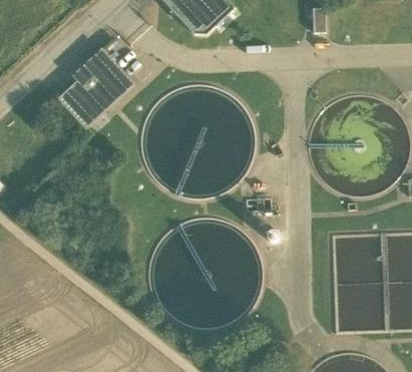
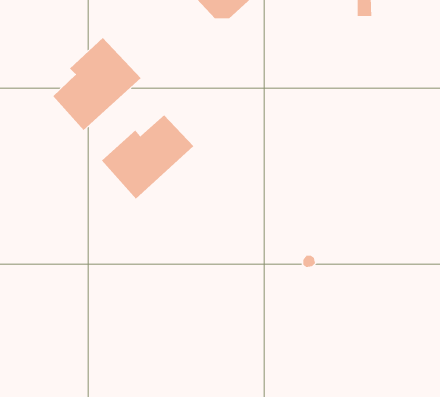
building: none -> [101,114,194,200]

